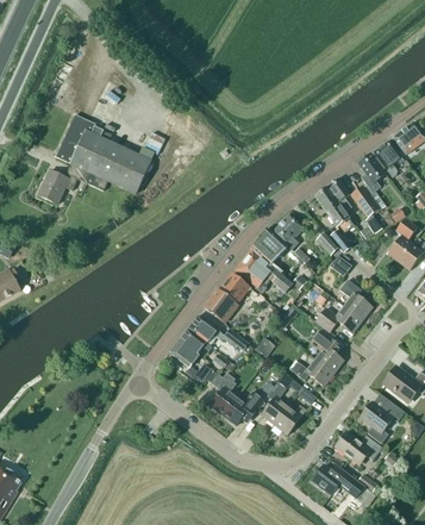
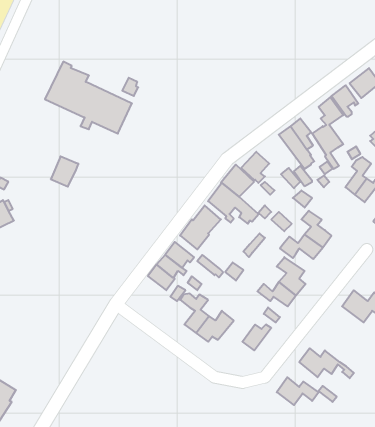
building: [38,170,69,204] -> [51,156,79,187]
building: [262,373,290,425] -> none
building: [360,400,405,443] -> none

